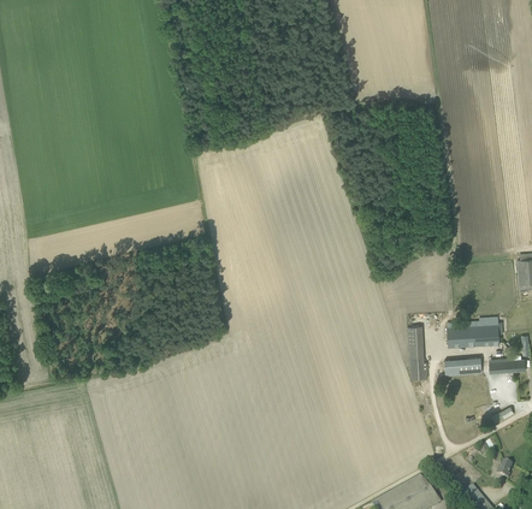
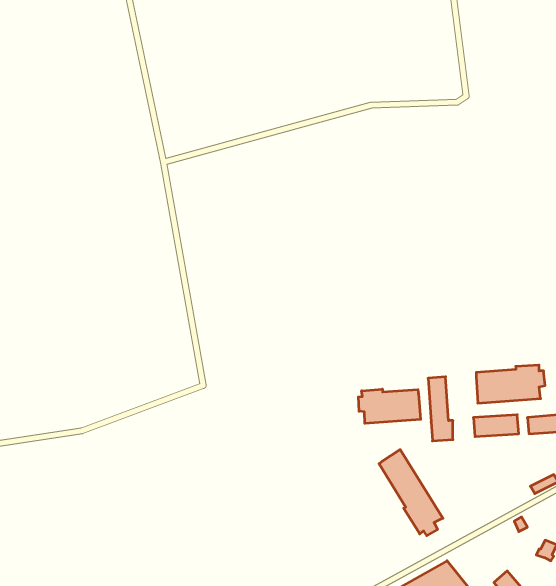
building: none -> [358,389,421,423]
building: none -> [379,450,443,536]

